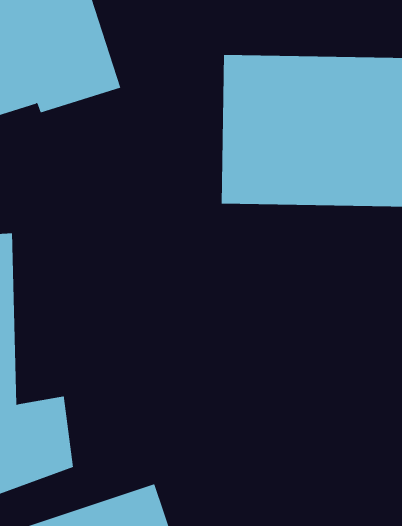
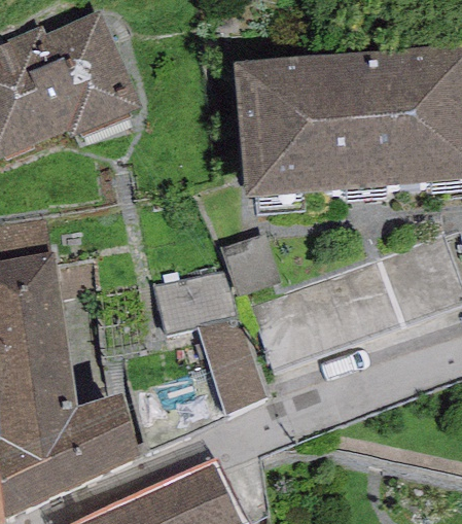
building: none -> [167,269,256,401]

